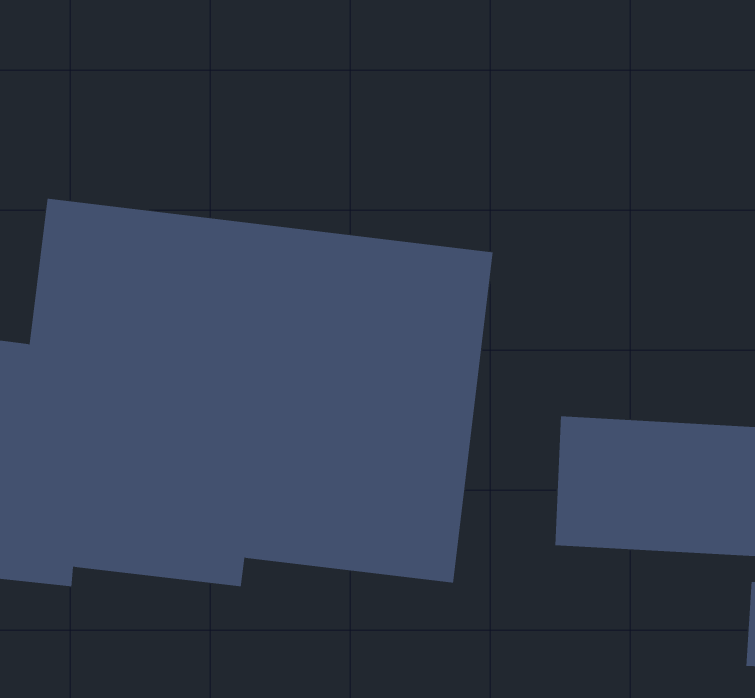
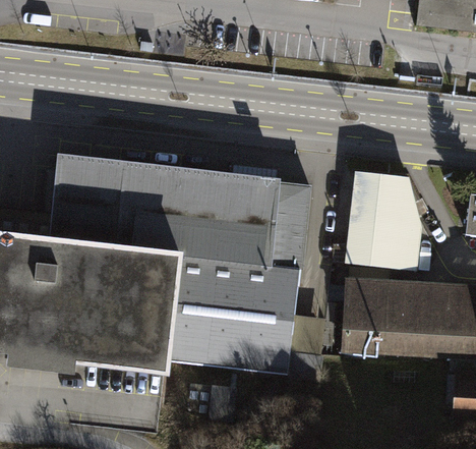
building: none -> [347,172,423,270]

